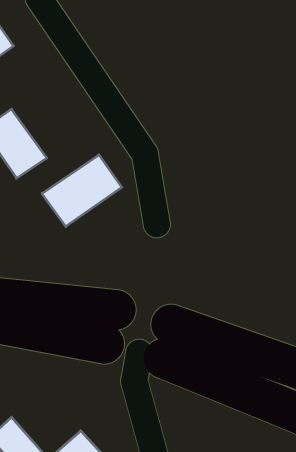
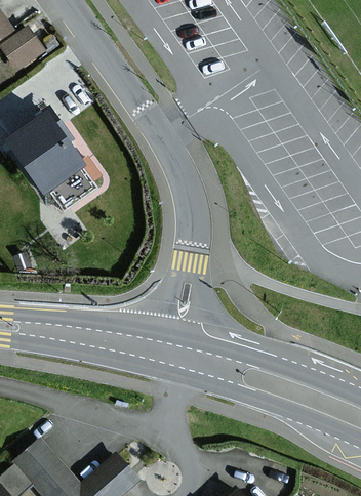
building: [42,155,122,227] -> none

